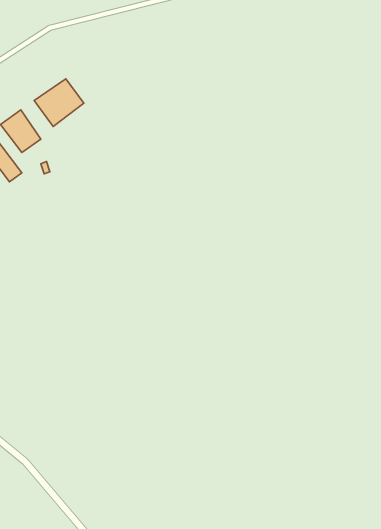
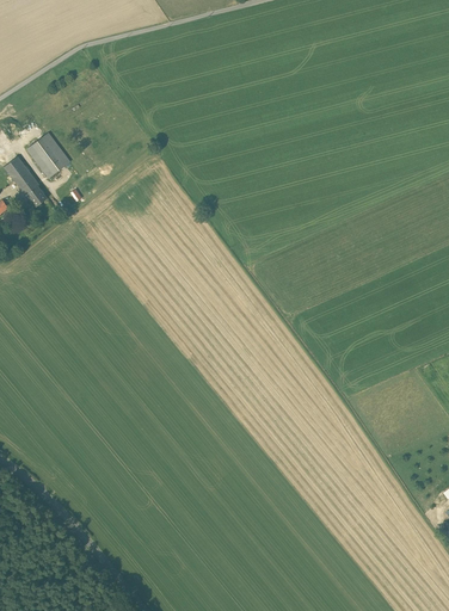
building: [34,79,84,126] -> none

